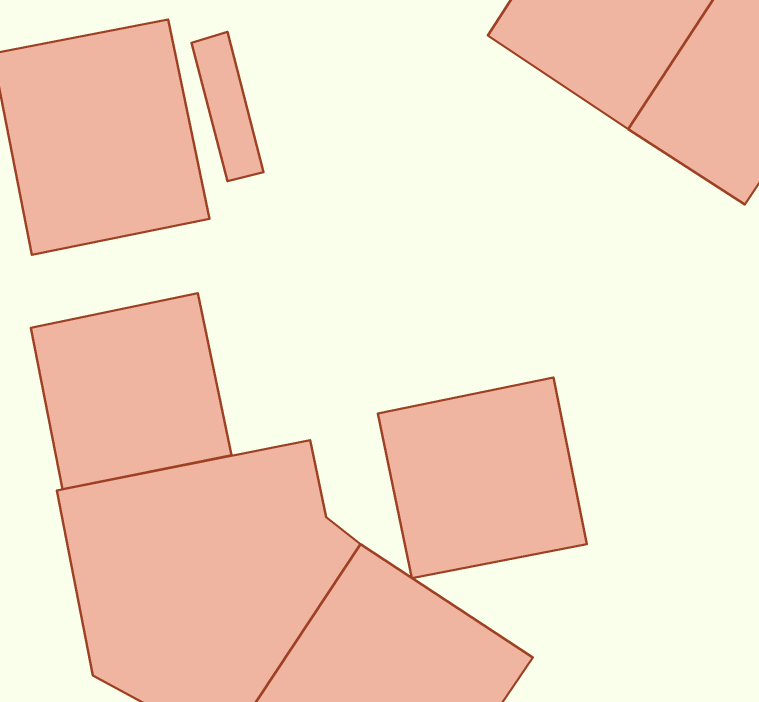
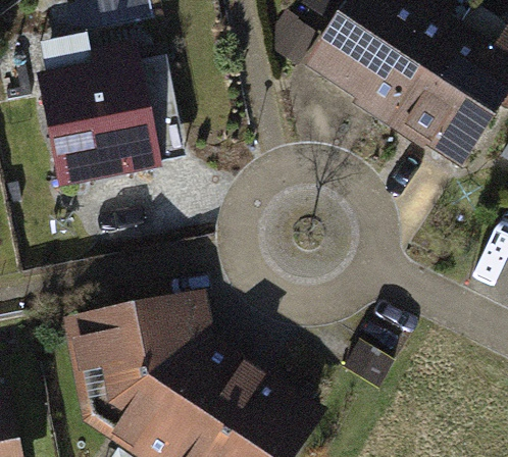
building: [31,293,232,489] -> none
building: [378,377,587,578] -> none

